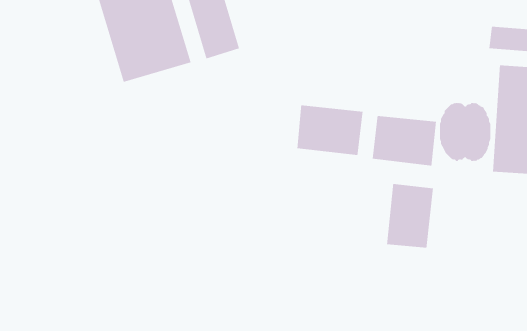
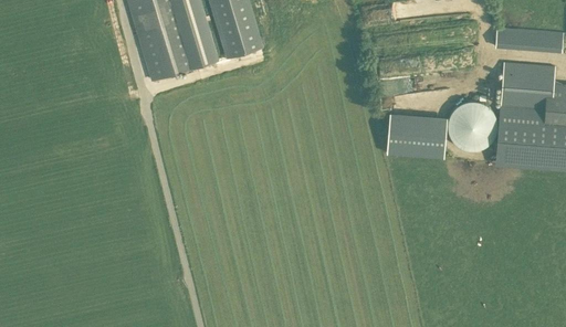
building: [297,105,363,156] -> none
building: [386,183,433,248] -> none

